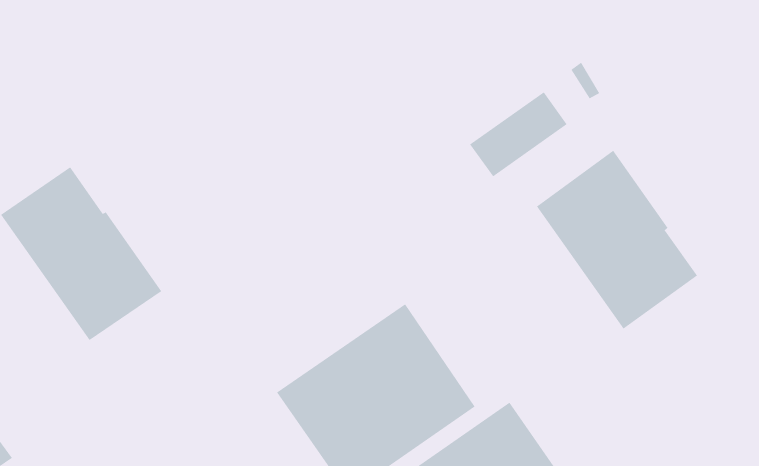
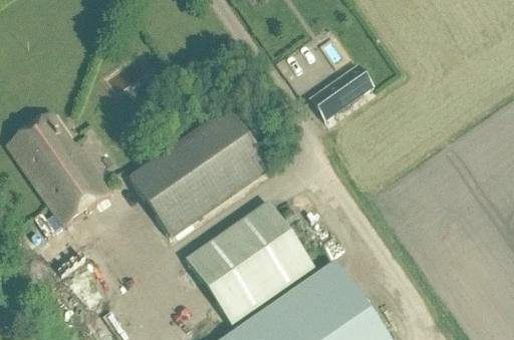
building: [536,150,698,330] -> none
building: none -> [132,108,271,235]

